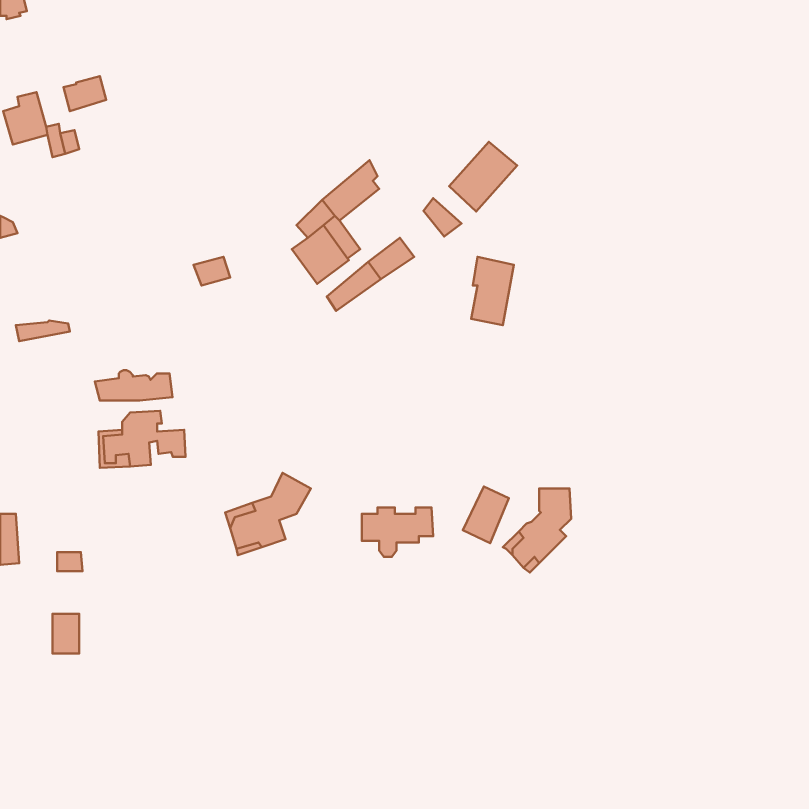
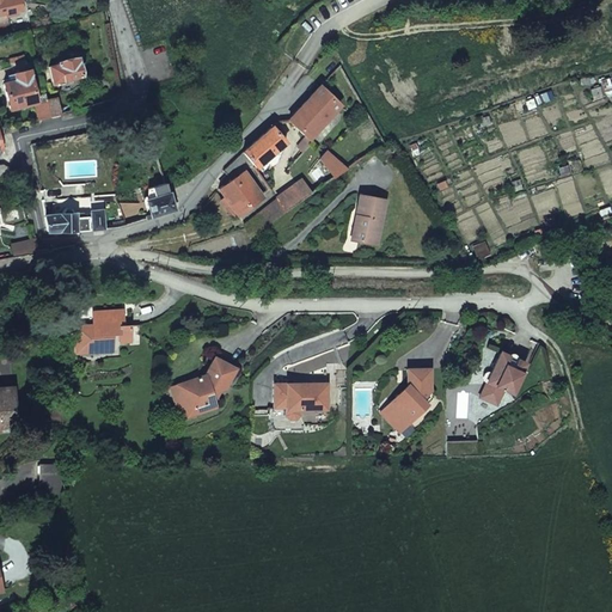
building: [449,142,517,212] -> [290,86,342,139]
building: [95,370,173,400] -> [45,208,104,231]
building: none -> [481,351,525,404]
building: [463,486,509,543] -> none

